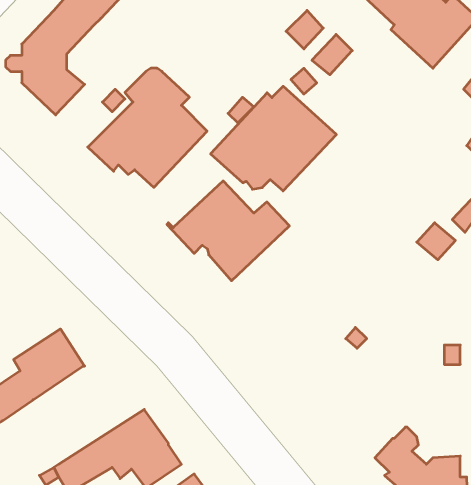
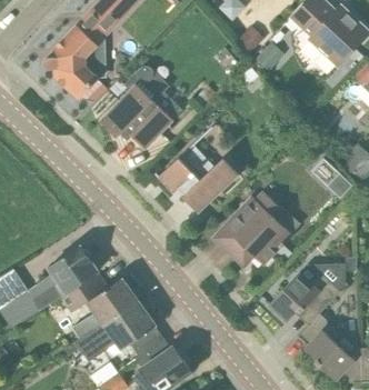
building: [211,86,336,191] -> [213,191,300,263]
building: none -> [62,271,139,339]
building: none -> [269,272,341,323]

